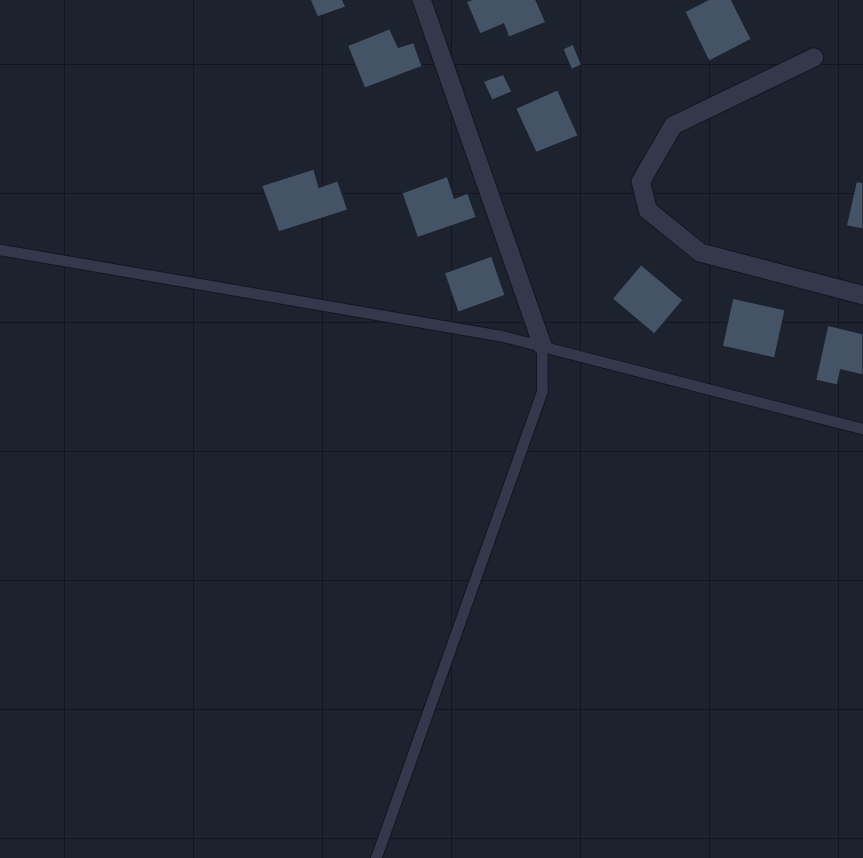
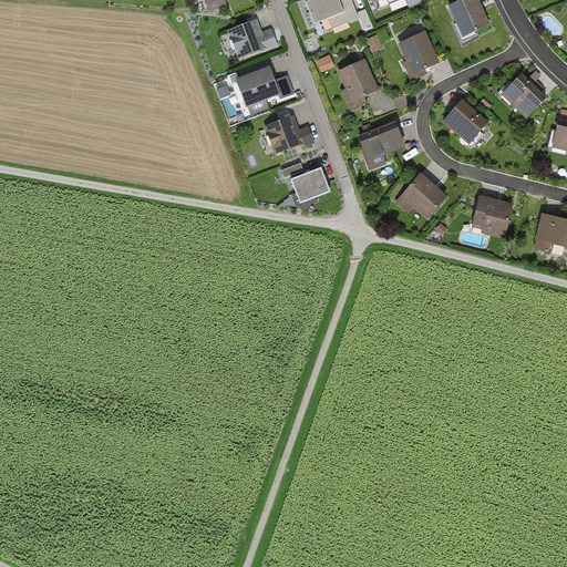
building: none -> [396,31,437,74]
building: none -> [501,72,546,116]
building: none -> [442,97,488,144]
building: [262,169,348,232] -> [235,66,291,107]
building: none -> [359,121,403,156]

